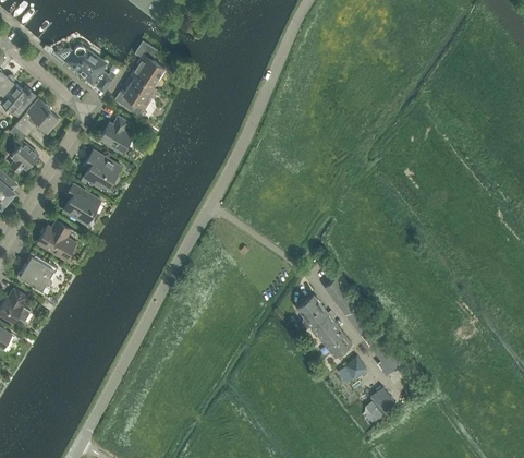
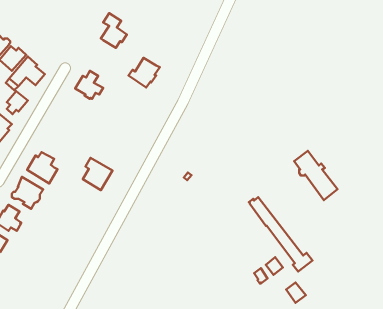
building: [66,46,112,93] -> none
building: [115,77,156,116] -> [128,58,160,87]
building: [83,150,121,189] -> none
building: [63,184,101,226] -> [83,158,113,190]
building: [296,296,352,359] -> [294,151,337,200]

